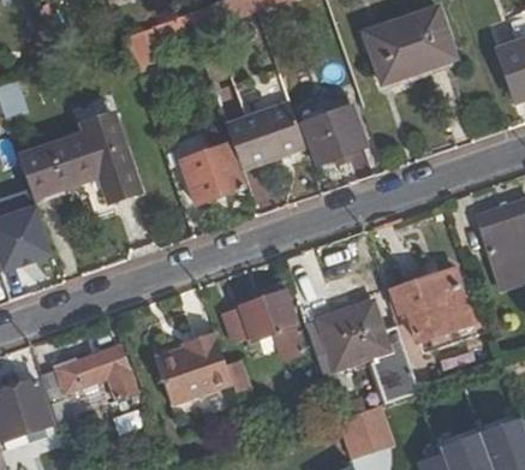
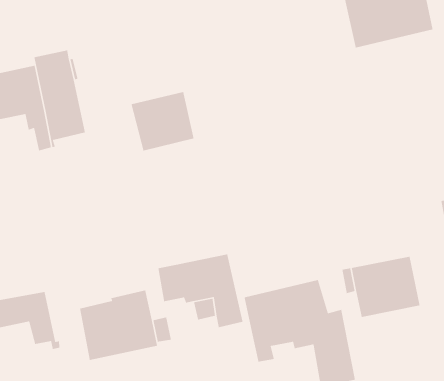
building: [221,99,303,169] -> none
building: [303,107,363,163] -> none

